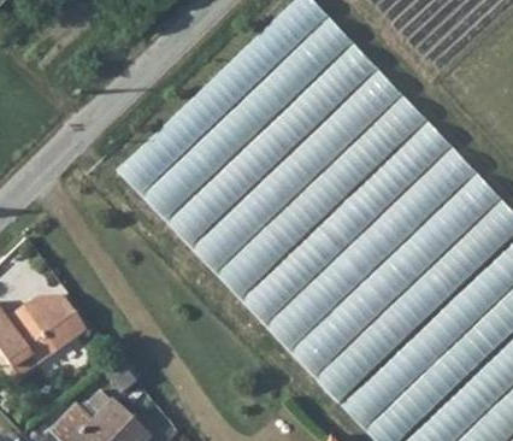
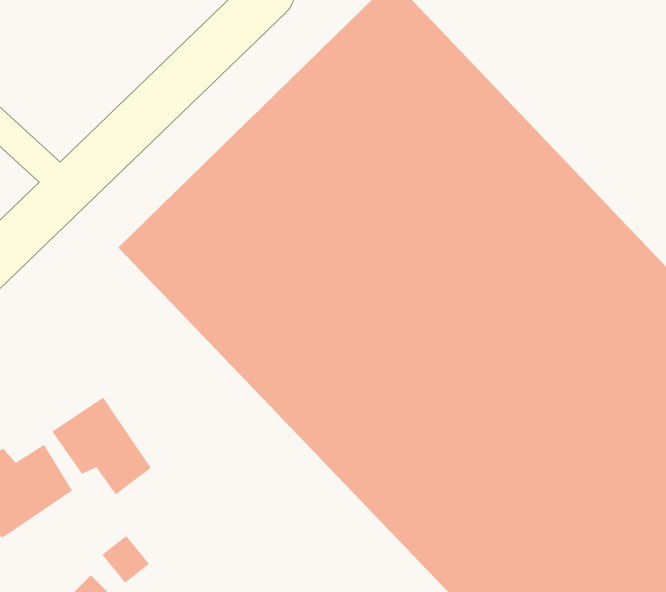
building: none -> [51,397,151,495]

